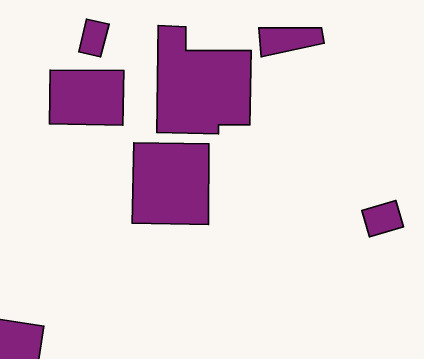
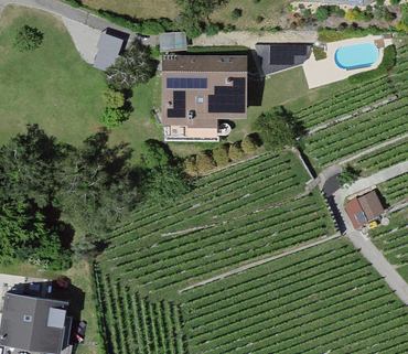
building: [49,70,124,125] -> none
building: [132,143,209,224] -> none

